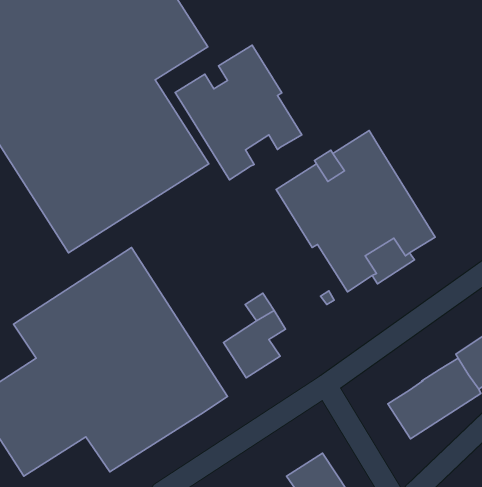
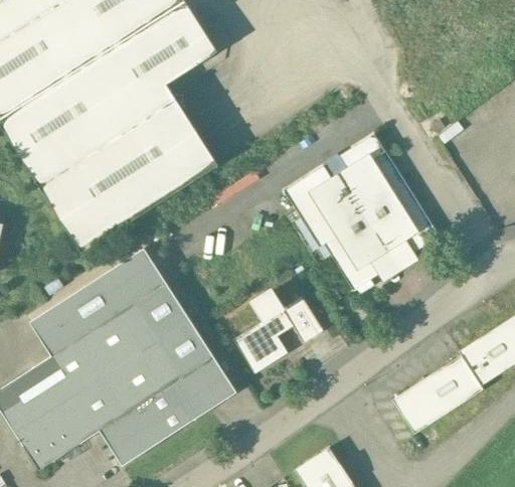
building: [175,45,302,180] -> none
building: none -> [283,295,324,342]

